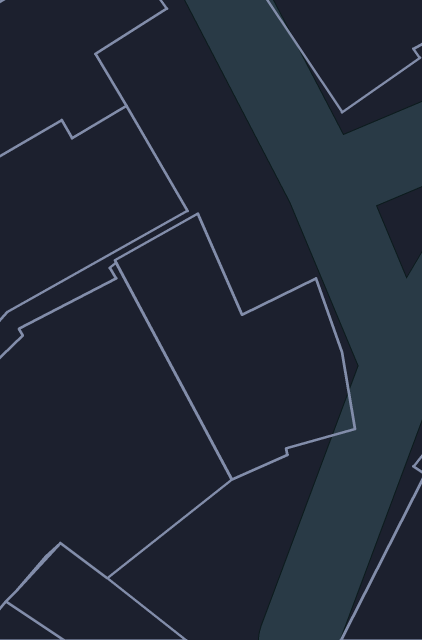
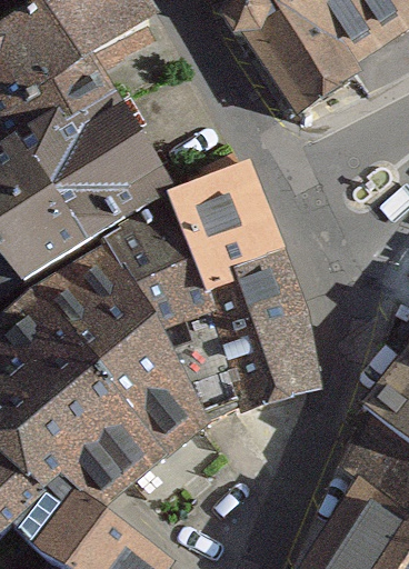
building: none -> [173,153,275,282]

